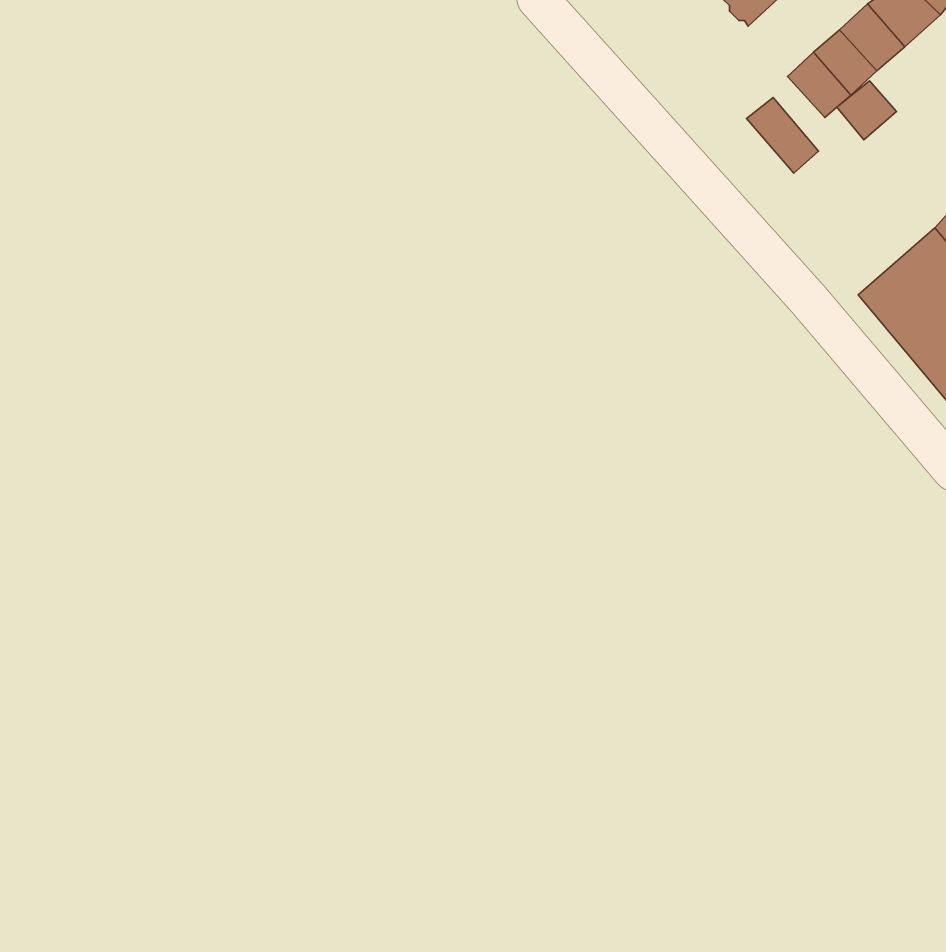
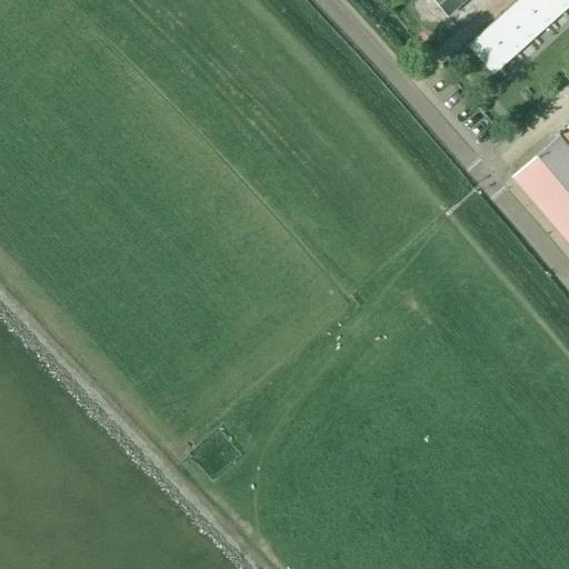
building: [837,81,896,140] -> none
building: [747,97,818,173] -> none

